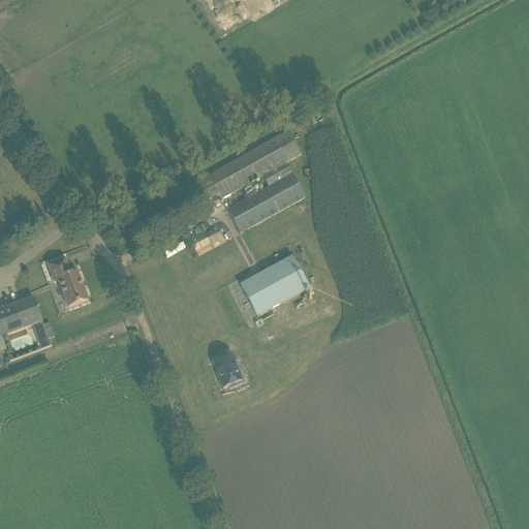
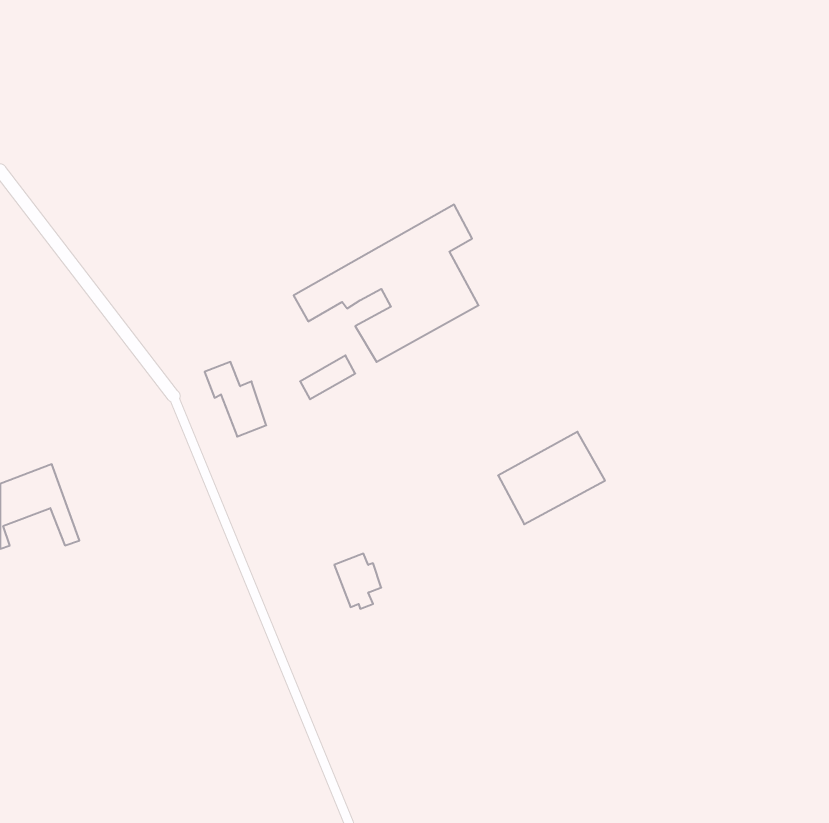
building: [241,255,309,314] -> [498,432,605,524]
building: [48,257,87,305] -> [205,362,266,437]

